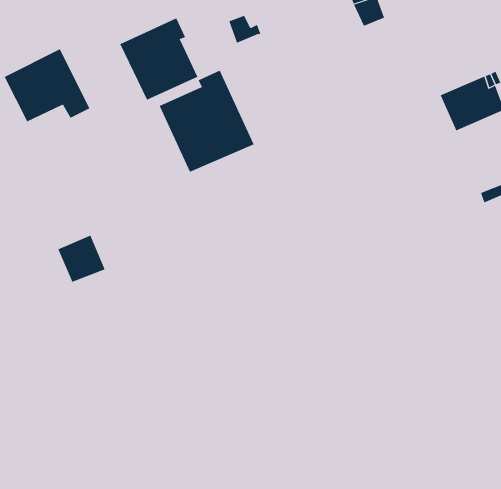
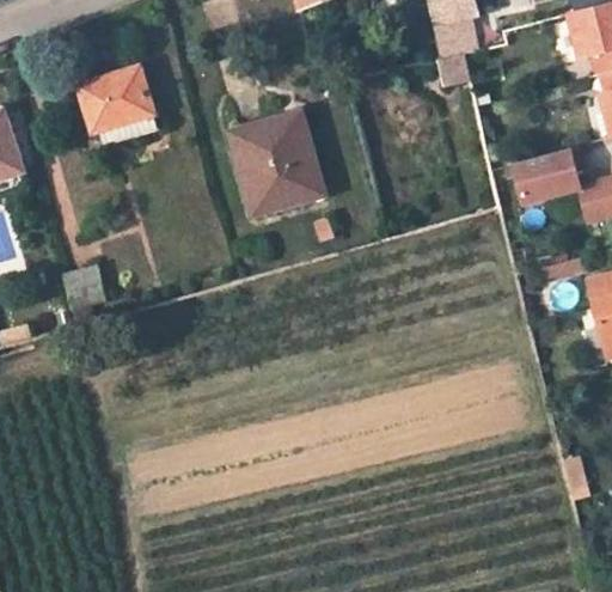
building: [120,18,198,101] -> none
building: [57,235,105,283] -> [61,262,106,307]

